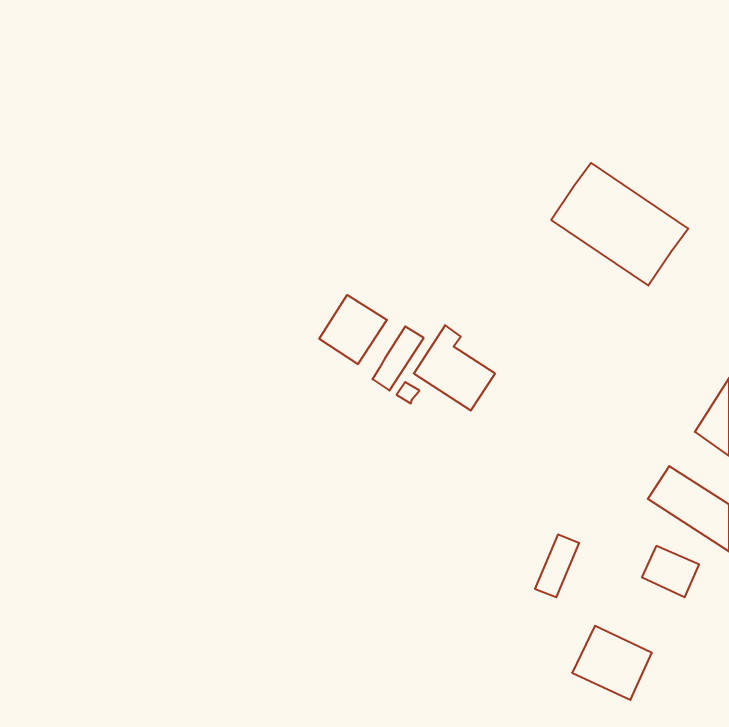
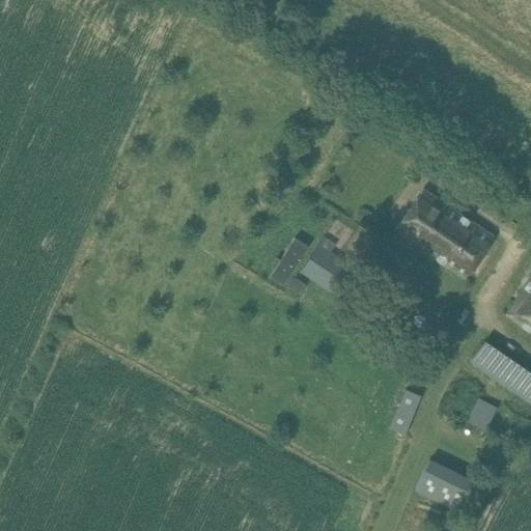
building: [551,163,688,286] -> [394,190,494,279]
building: [319,295,387,364] -> none

